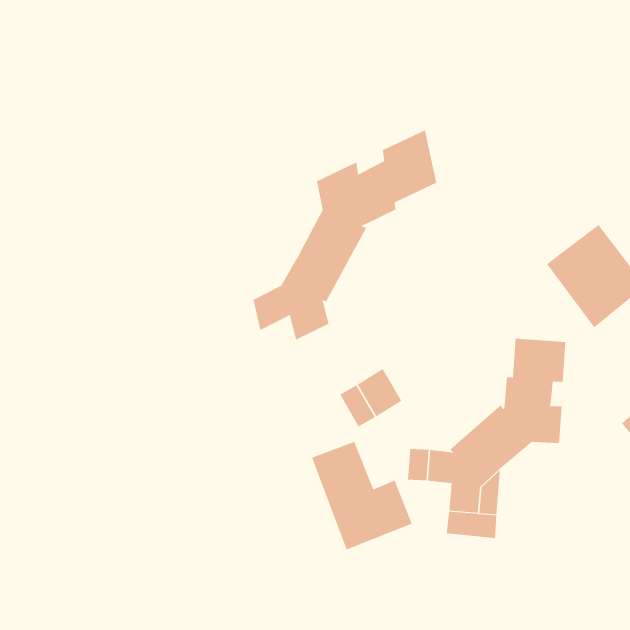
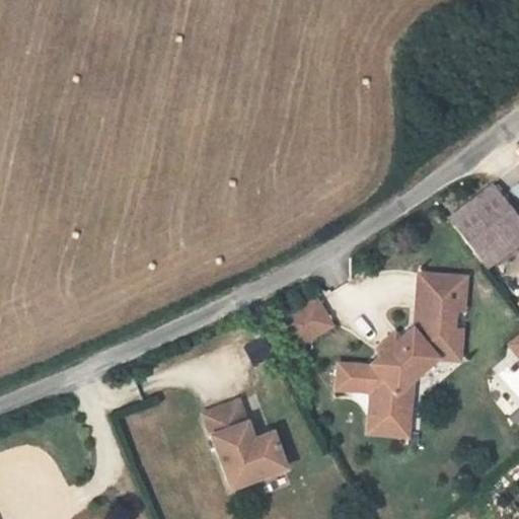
building: [253,129,437,341] -> none
building: [311,441,413,550] -> [205,401,287,490]

